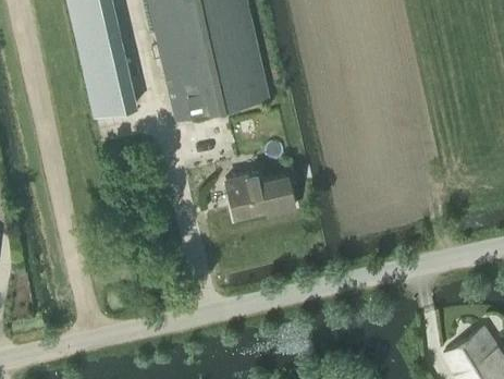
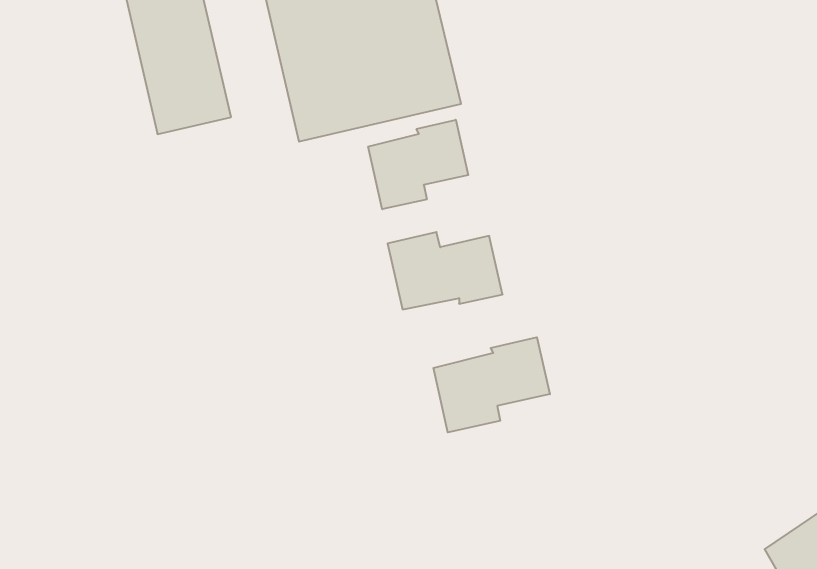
building: none -> [368,120,468,209]
building: none -> [433,337,550,432]

